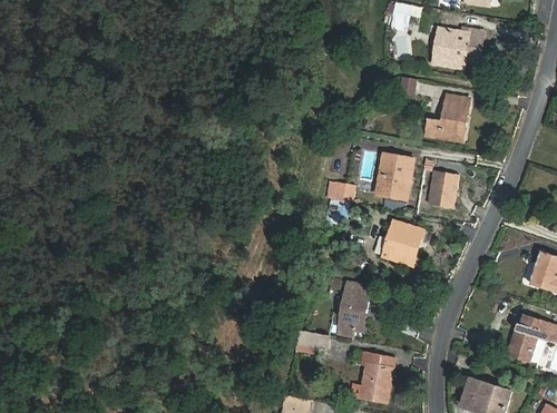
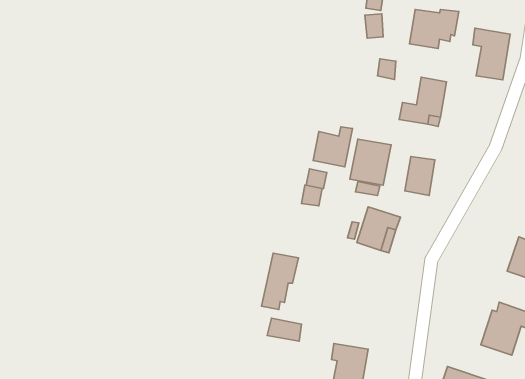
building: none -> [473,28,510,80]
building: none -> [313,127,352,167]
building: [335,282,371,336] -> [262,253,298,310]

